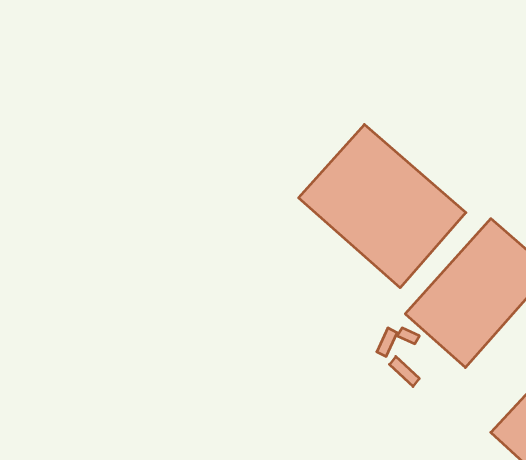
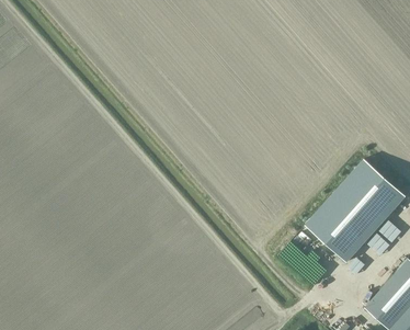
building: [299,124,466,288] -> none

